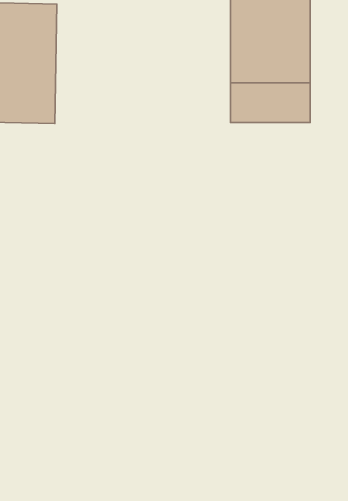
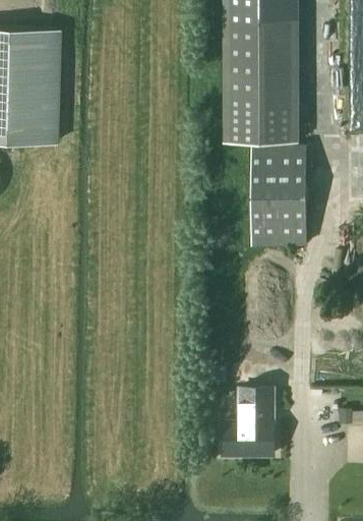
building: none -> [251,146,306,244]
building: none -> [224,386,274,456]

